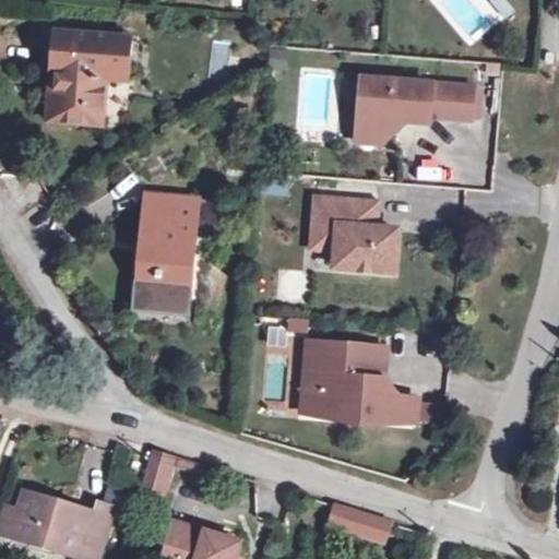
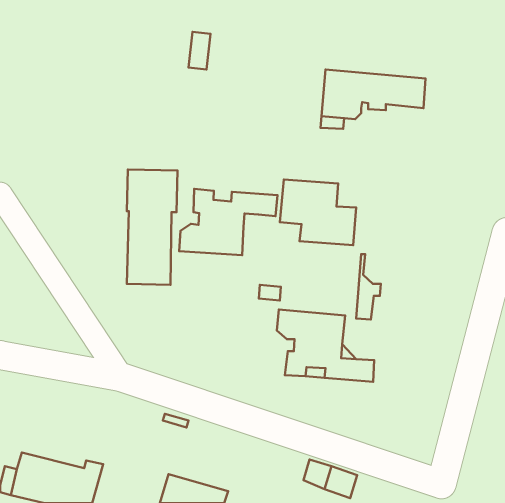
building: [32,26,126,119] -> none
building: none -> [179,189,278,255]
building: [299,341,326,413] -> [356,254,381,320]
building: [142,442,178,496] -> none

